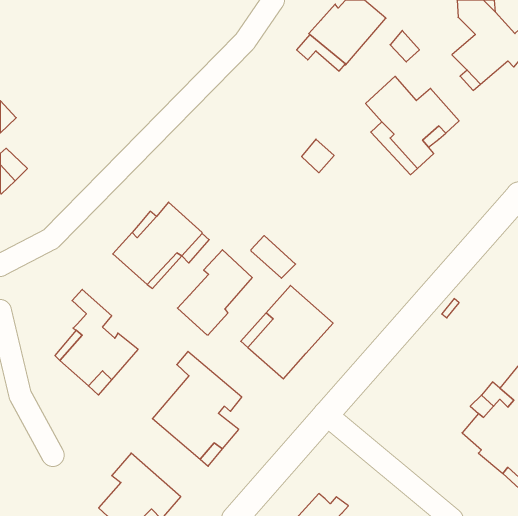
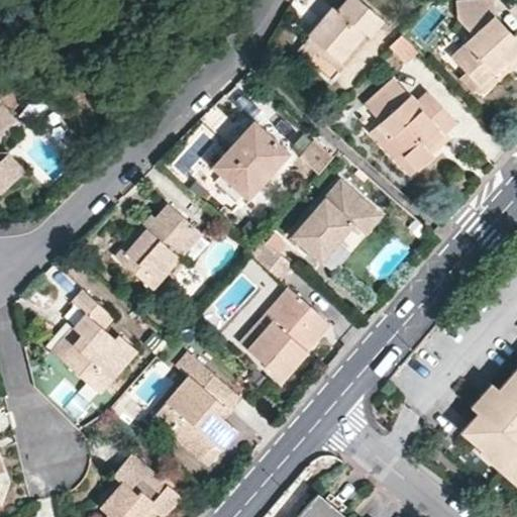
building: none -> [215,122,288,198]
building: none -> [290,179,382,262]
building: [177,250,252,335] -> none

